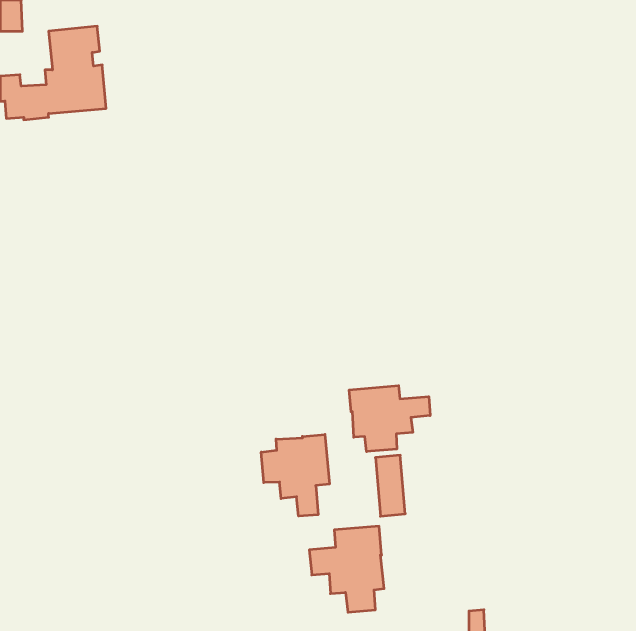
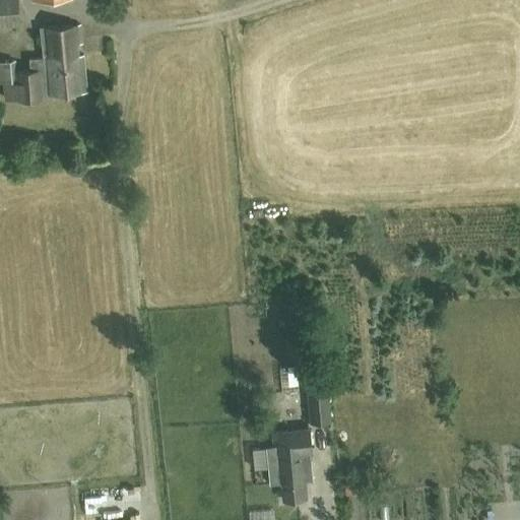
building: [349,386,430,452] -> none
building: [261,434,329,516] -> none

